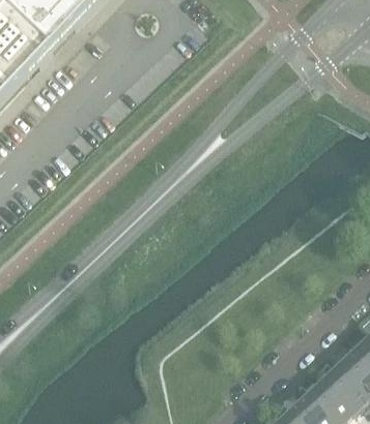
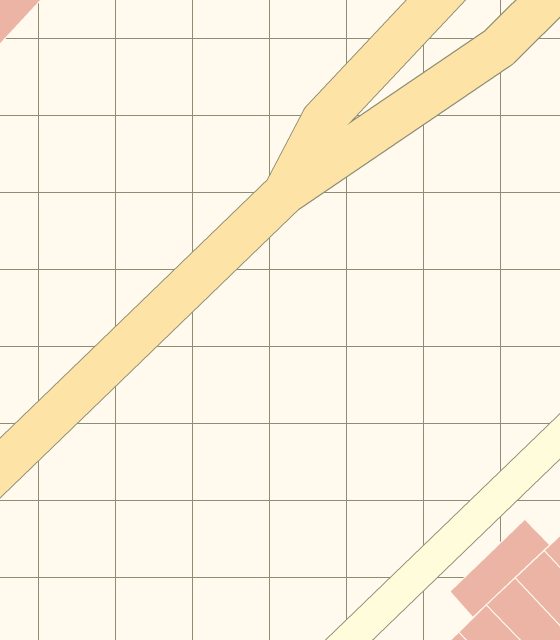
building: none -> [450,519,550,617]

